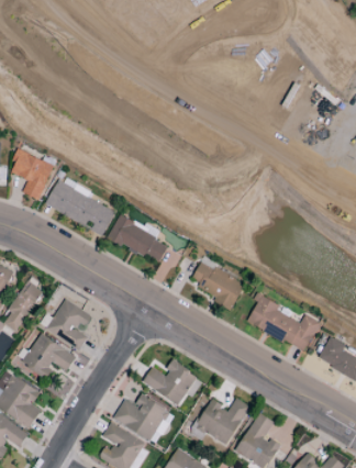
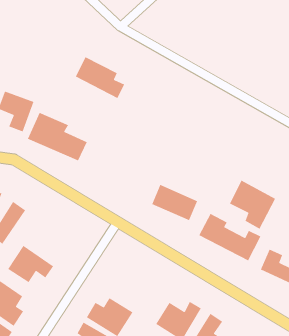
building: [108,213,167,264] -> [75,56,125,99]
building: none -> [229,180,276,230]
building: [38,299,90,349] -> none
building: [142,360,197,405] -> none

